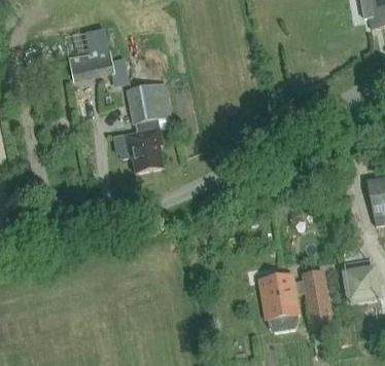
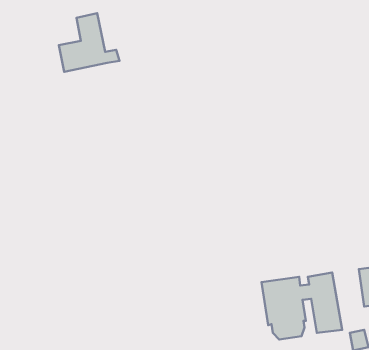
building: [113,83,174,173] -> none

